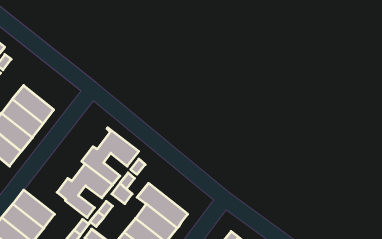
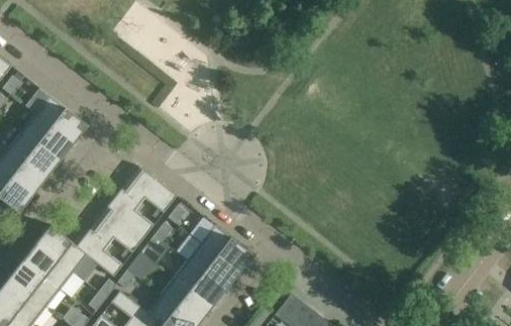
building: none -> [34,95,87,143]
building: none -> [189,217,251,273]
building: none -> [34,224,87,273]

